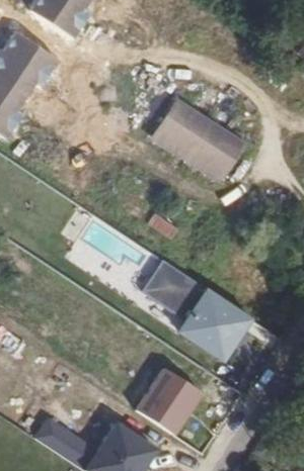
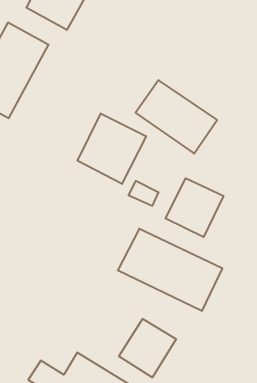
building: none -> [78,113,146,184]
building: none -> [166,178,223,237]

